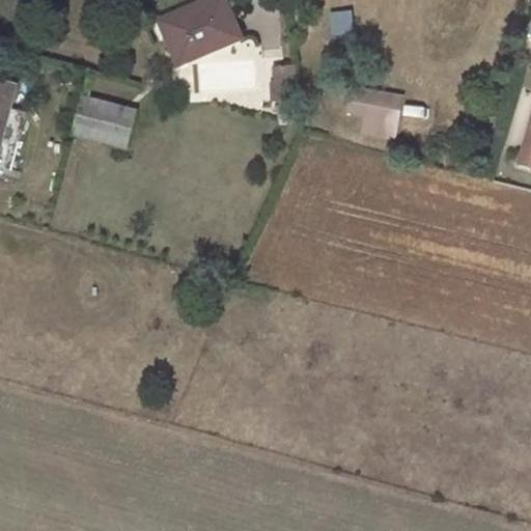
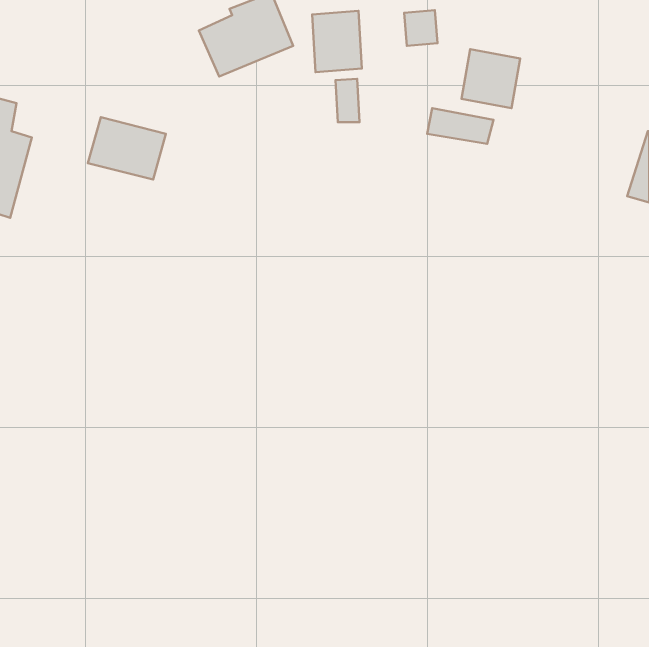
building: none -> [312,11,362,72]
building: none -> [462,49,520,108]

